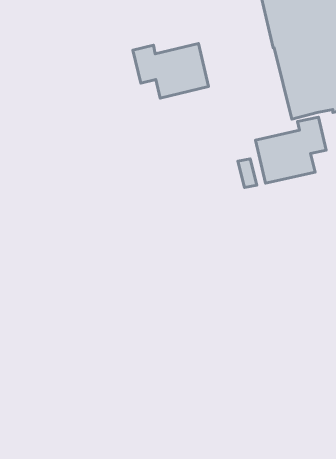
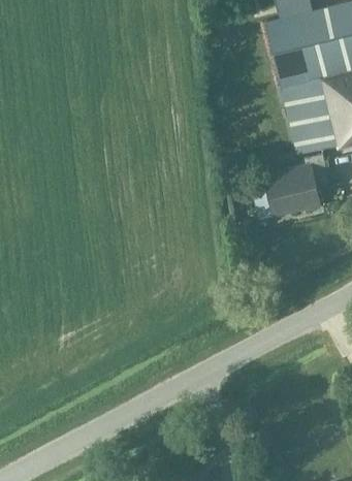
building: [133,44,209,98] -> none

